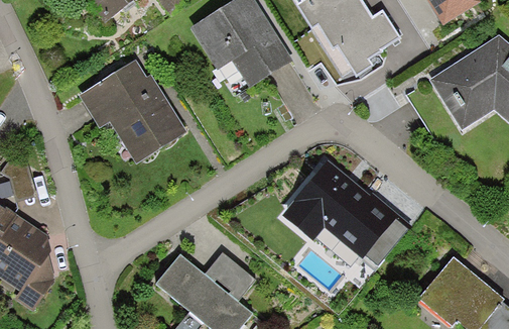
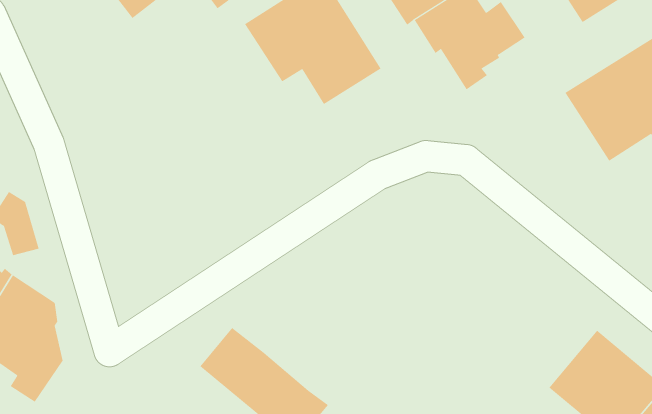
building: [79,59,186,163] -> none
building: [281,159,399,258] -> none
building: [205,251,255,301] -> none

